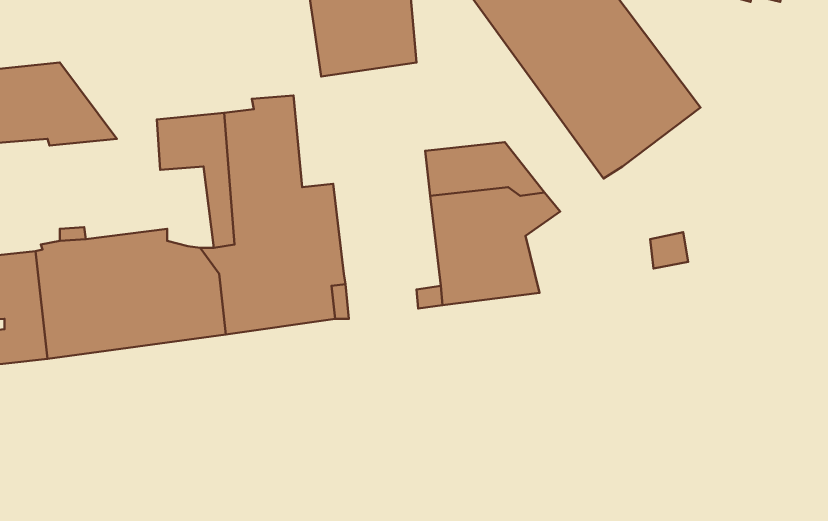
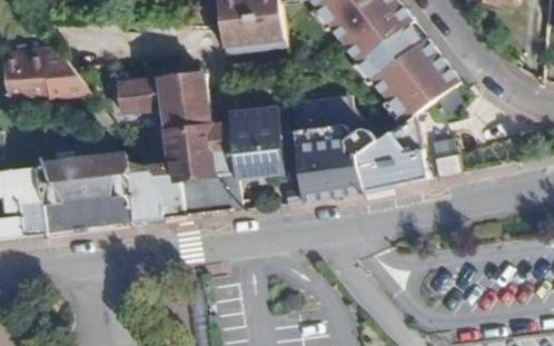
building: none -> [229,108,284,181]
building: none -> [354,112,425,194]

